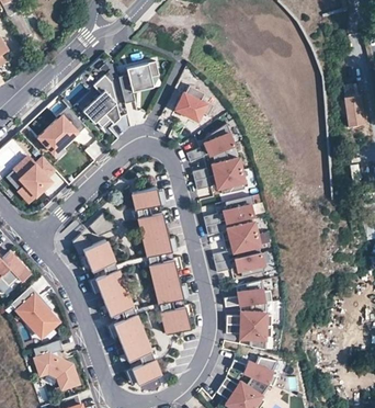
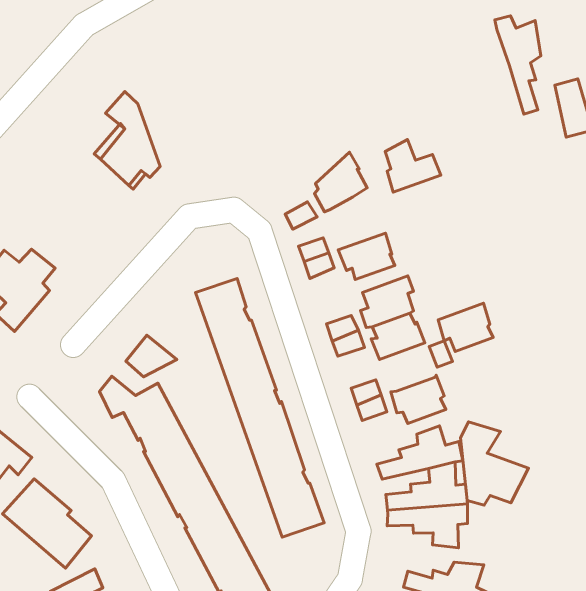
building: none -> [495,16,541,114]
building: [117,61,158,104] -> none
building: [174,86,213,121] -> none
building: [38,106,86,154] -> none
building: [212,148,241,177] -> [385,139,441,192]
building: [230,234,260,259] -> [438,303,493,352]
building: none -> [461,422,528,505]

